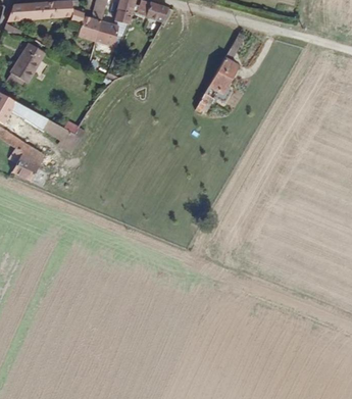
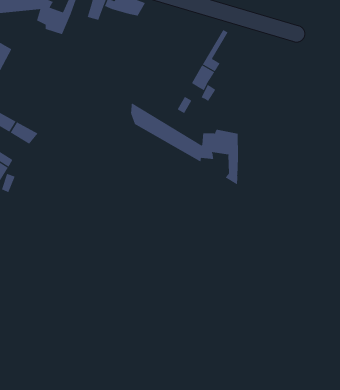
building: [91,18,119,44] -> none
building: none -> [131,102,239,186]

